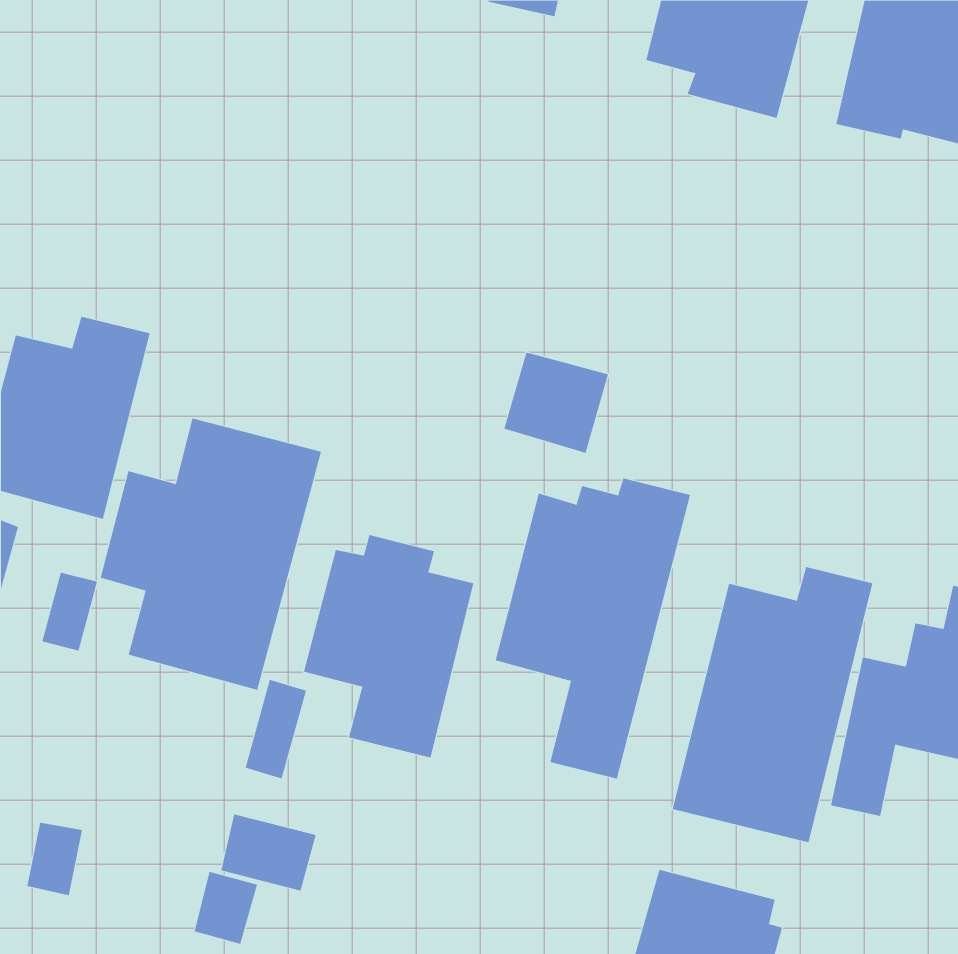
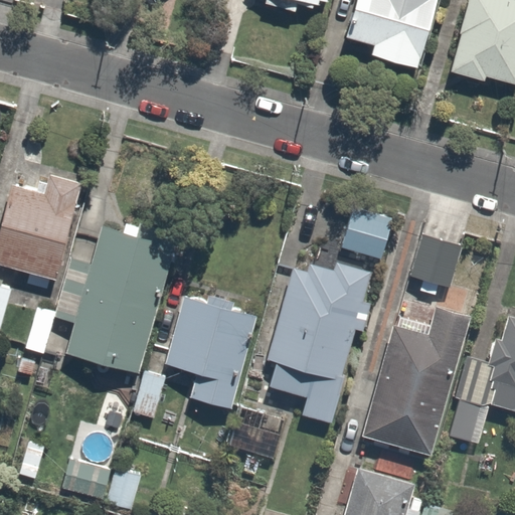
building: [503,352,609,453] -> [338,207,394,262]
building: none -> [409,232,464,287]
building: [220,814,316,891] -> [59,460,111,501]

